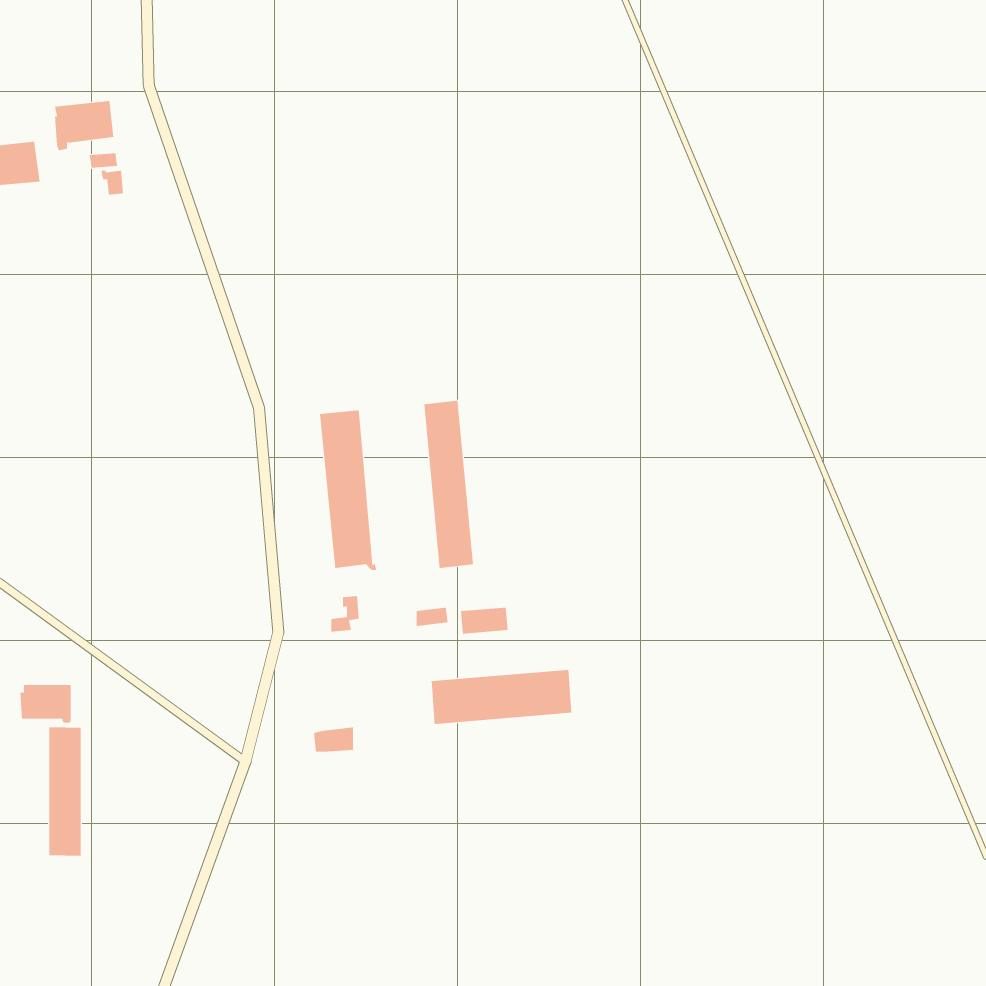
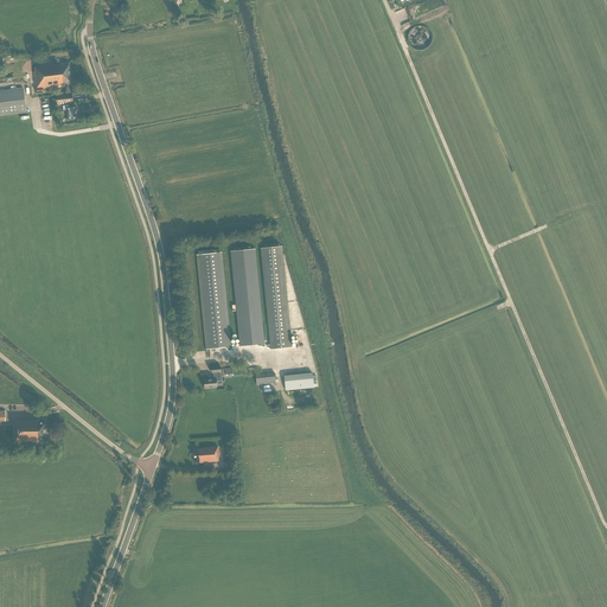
building: none -> [229,248,263,346]
building: [431,669,572,725] -> none
building: [49,727,81,856] -> none

